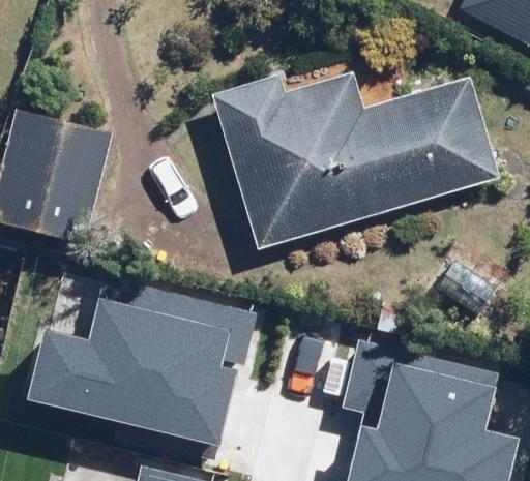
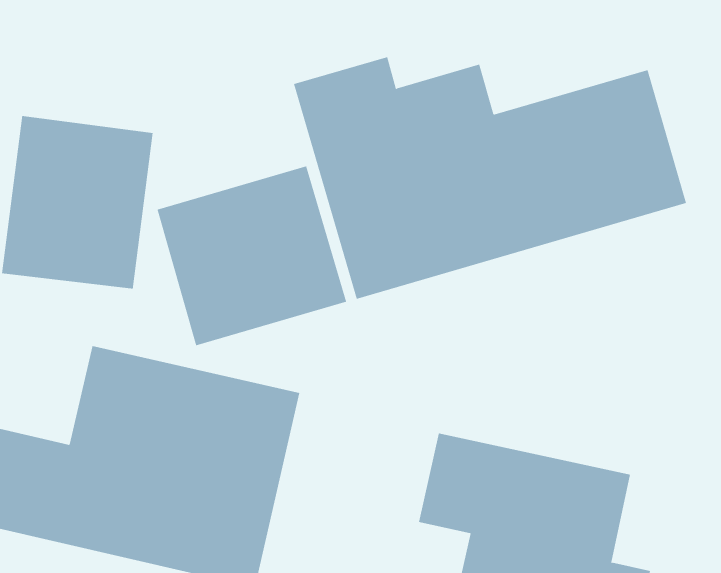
building: none -> [157,165,347,346]

